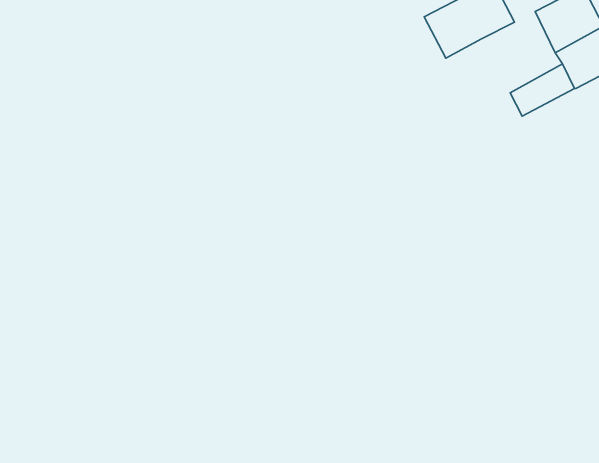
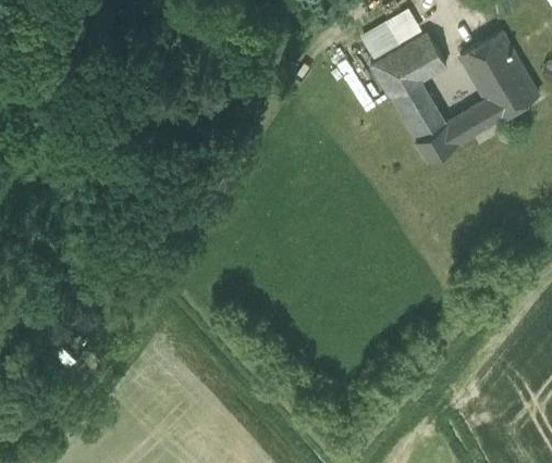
building: none -> [392,82,458,161]

